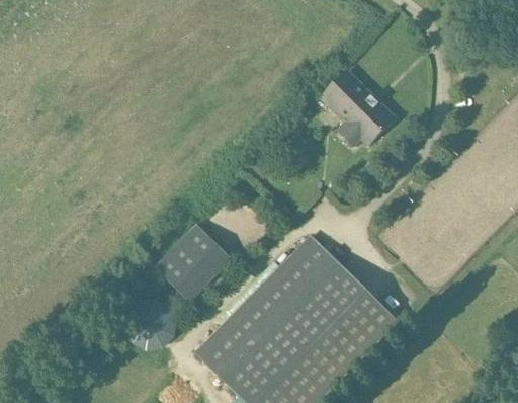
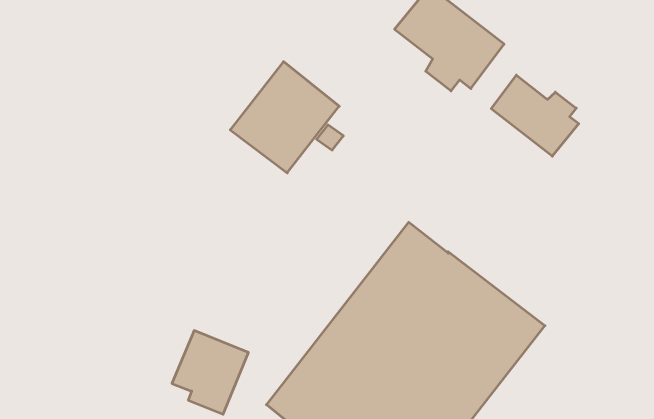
building: none -> [491,75,579,156]
building: [154,222,233,301] -> [230,62,339,173]

